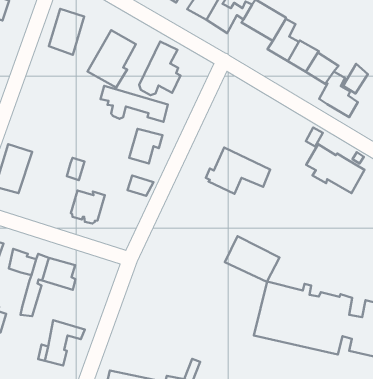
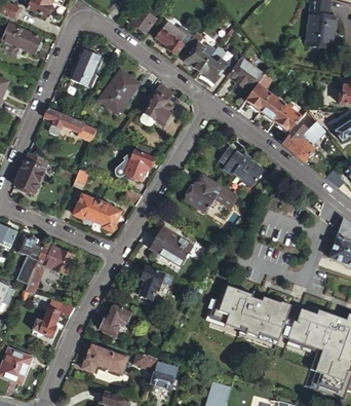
building: [101,86,168,122] -> [44,107,97,141]
building: [306,144,365,193] -> [218,144,264,186]
building: none -> [94,201,121,231]
building: [225,236,280,282] -> [150,226,194,265]
building: none -> [138,266,168,298]
building: none -> [101,303,142,338]

